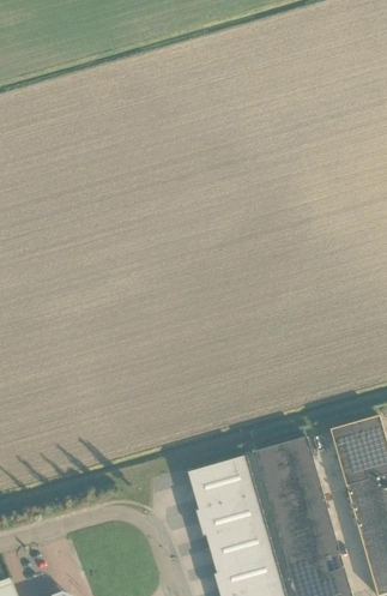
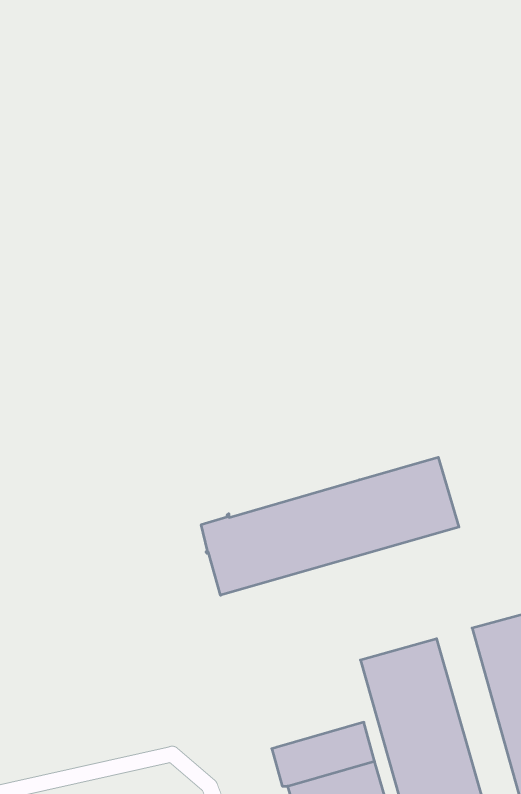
building: none -> [201,457,459,595]
building: [188,456,258,510] -> none

